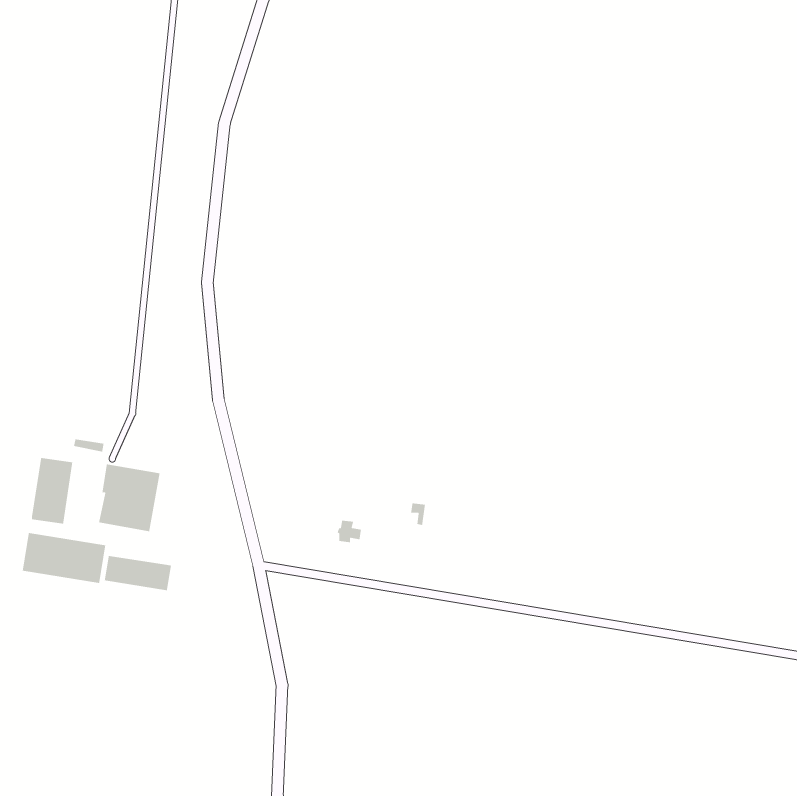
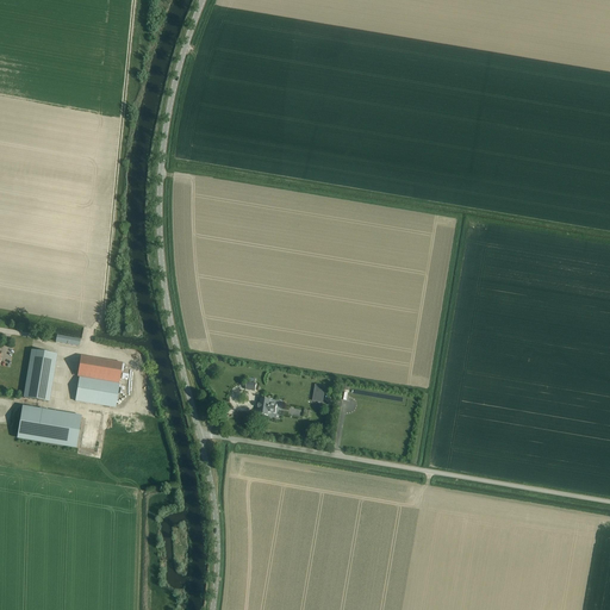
building: [104,555,172,591] -> none

